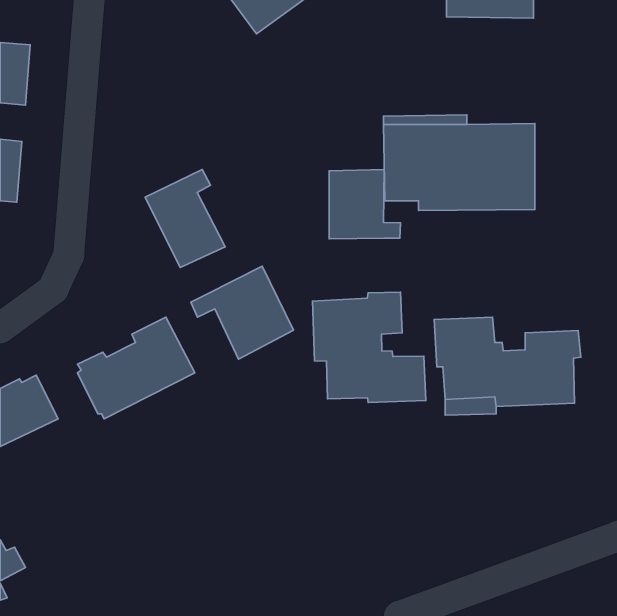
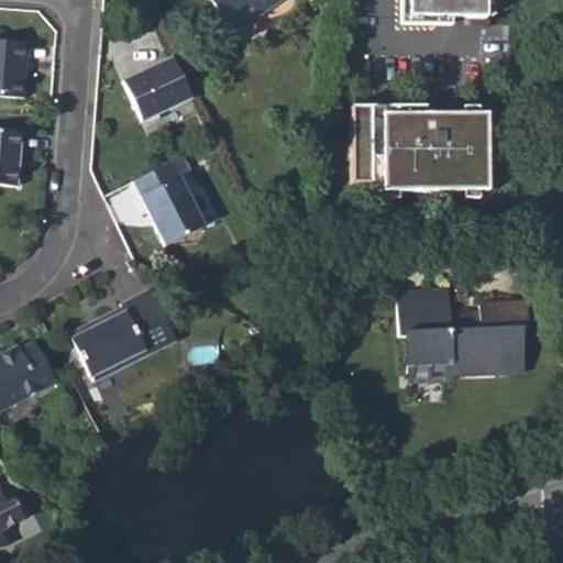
building: none -> [123,56,191,118]
building: [329,169,400,239] -> none
building: [191,266,294,359] -> none
building: [313,292,426,403] -> none

